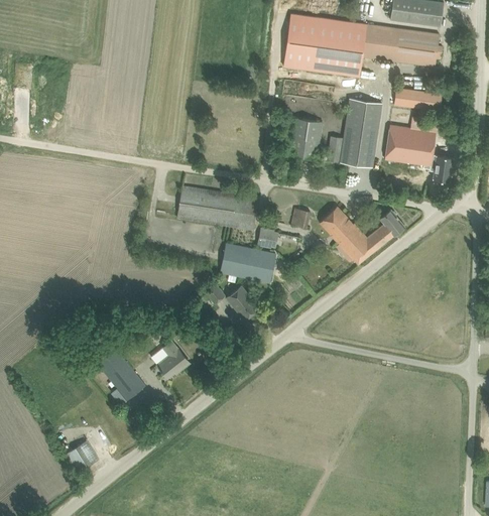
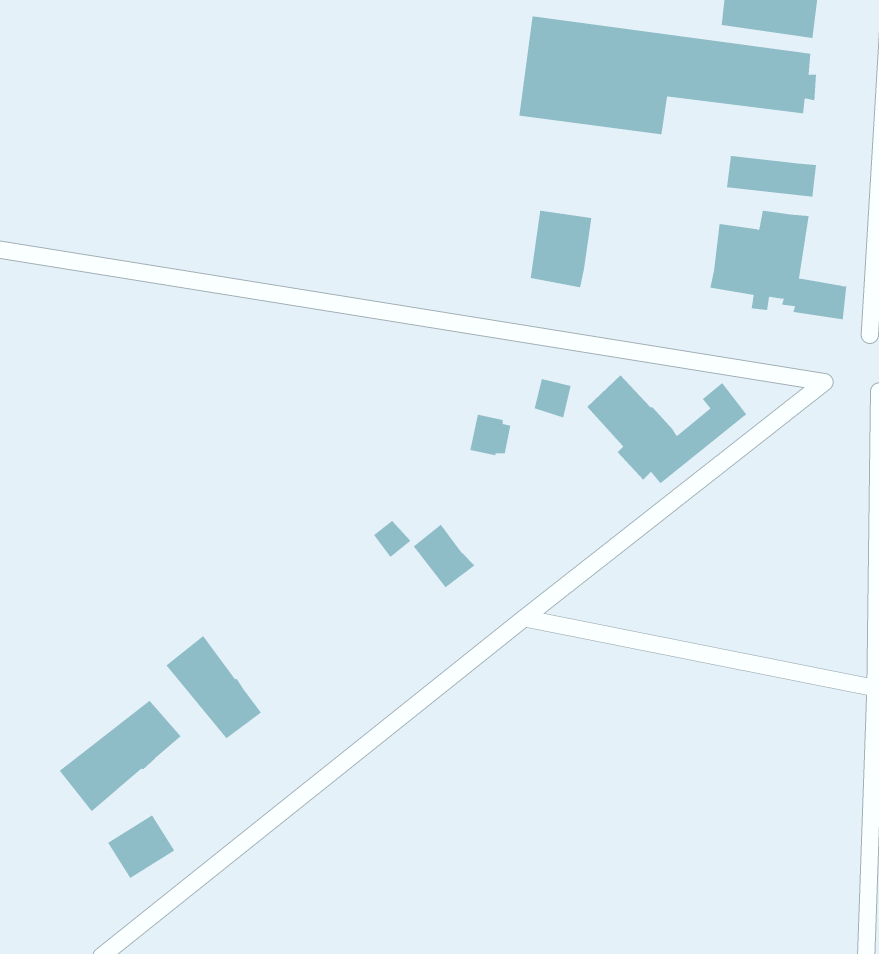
building: [327,98,382,167] -> none
building: [176,186,258,230] -> none
building: [220,244,275,283] -> none
building: [156,340,189,378] -> none
building: none -> [59,700,182,812]

